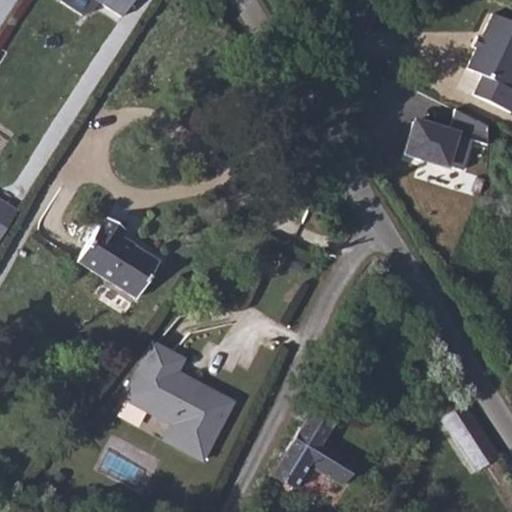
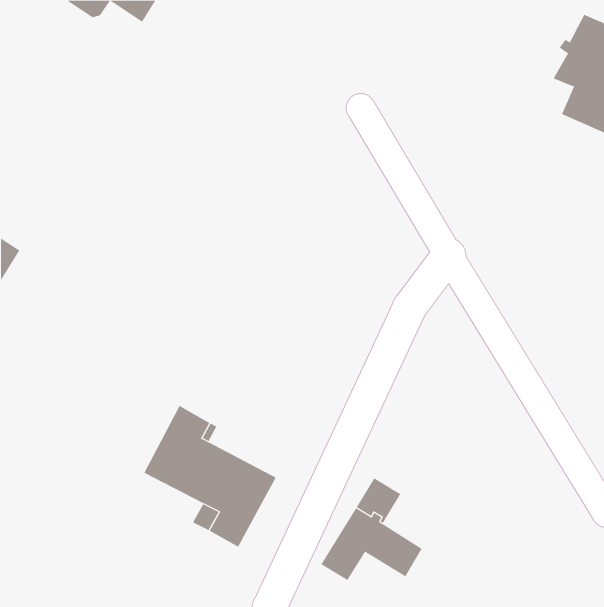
building: [402,110,491,172] -> none
building: [78,218,160,299] -> none
building: [443,403,501,472] -> none

